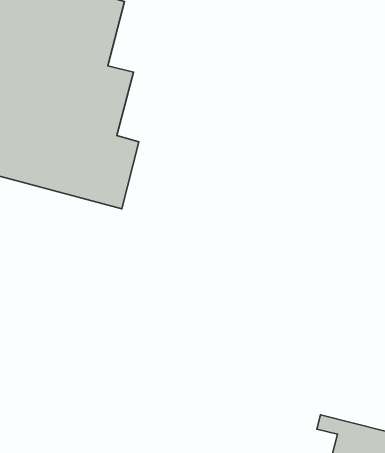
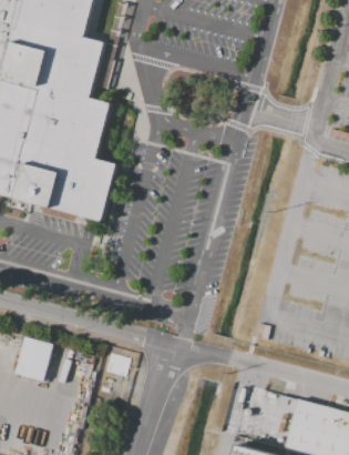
building: none -> [13,337,50,381]

